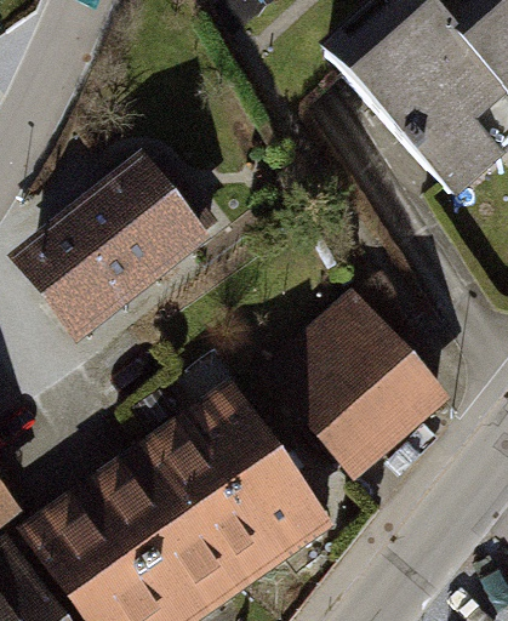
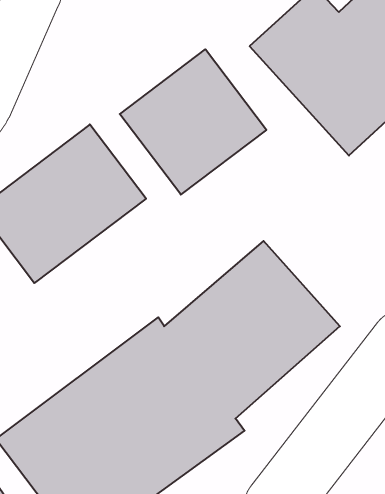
building: none -> [120,49,266,195]

